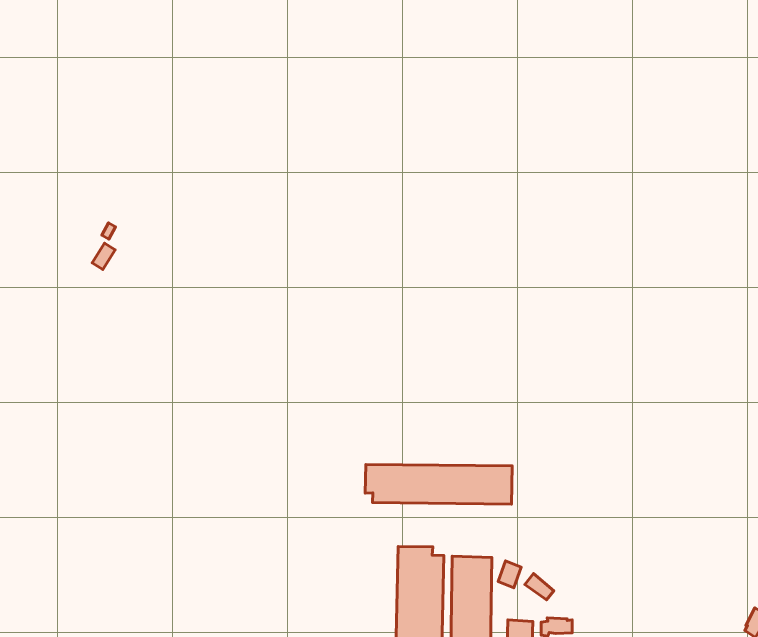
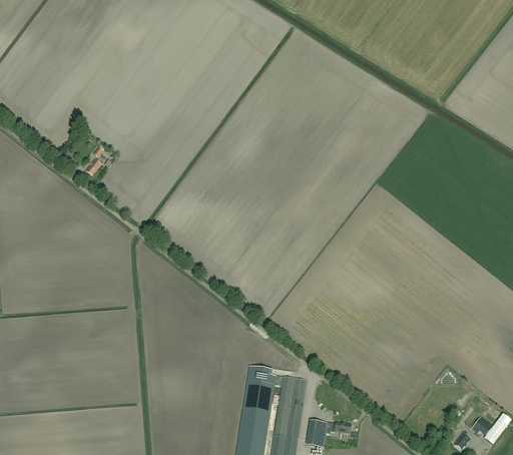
building: [365,464,512,504] -> none

